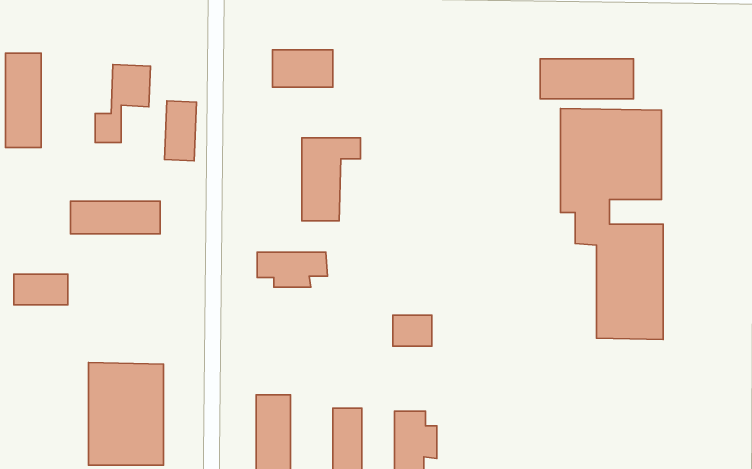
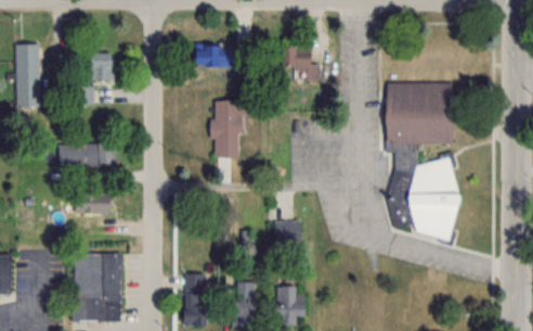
building: none -> [282,47,322,81]
building: [540,59,633,99] -> none
building: [165,101,196,161] -> none
building: [257,252,328,287] -> none
building: [14,274,68,305] -> [75,192,110,213]

